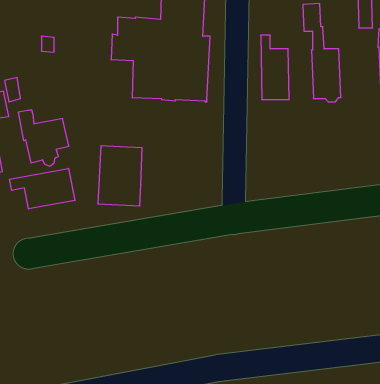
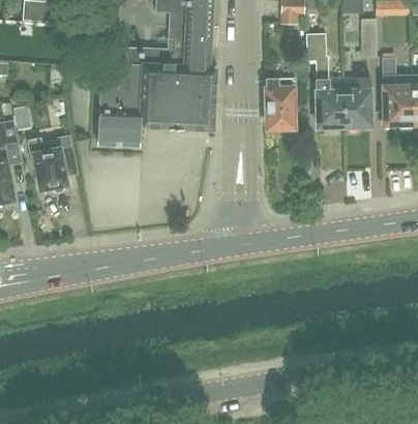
building: none -> [342,77,371,129]
building: [98,146,142,206] -> [97,87,141,146]
building: [10,168,75,209] -> none

